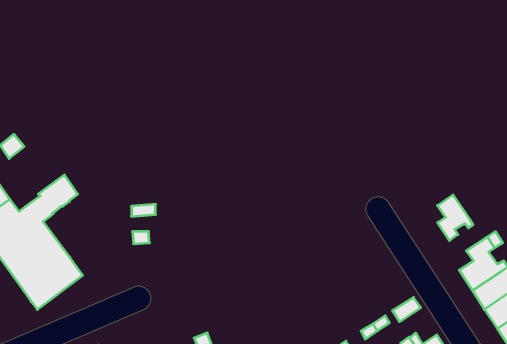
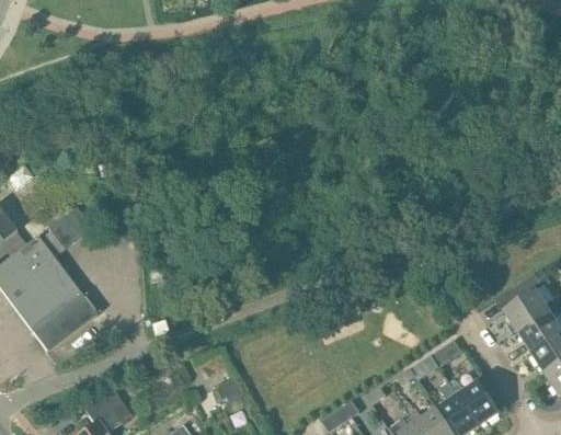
building: [437,195,473,241] -> none

